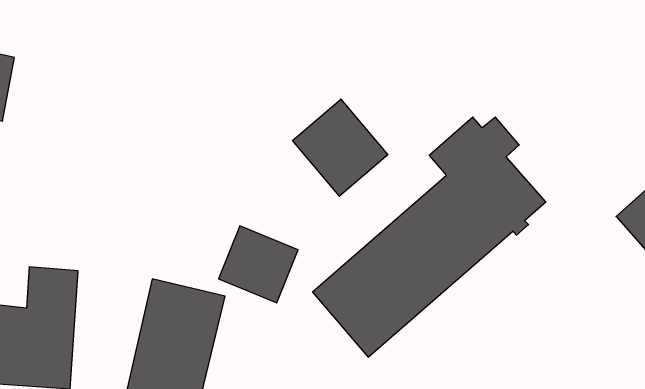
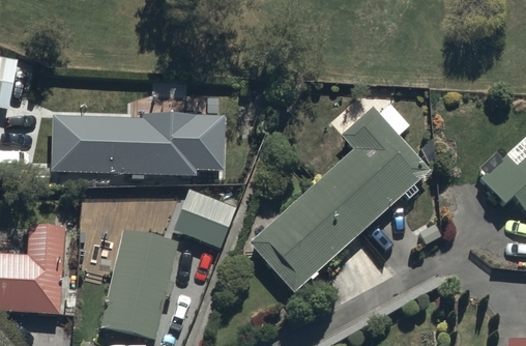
building: [292,99,388,196] -> none
building: none -> [50,115,221,174]

